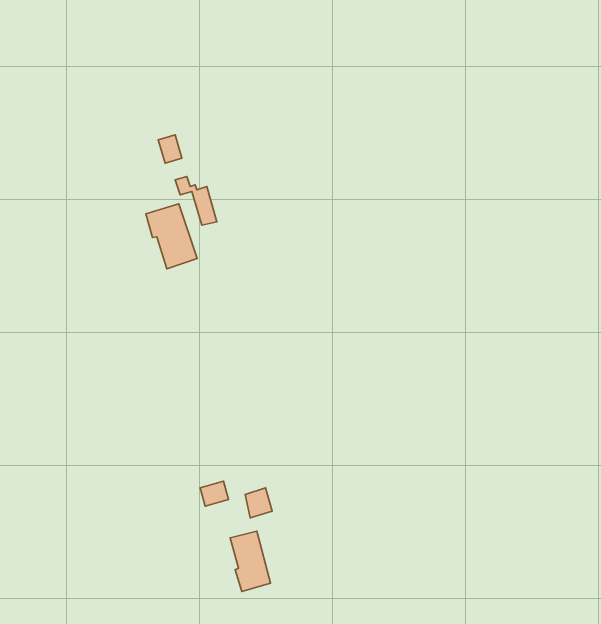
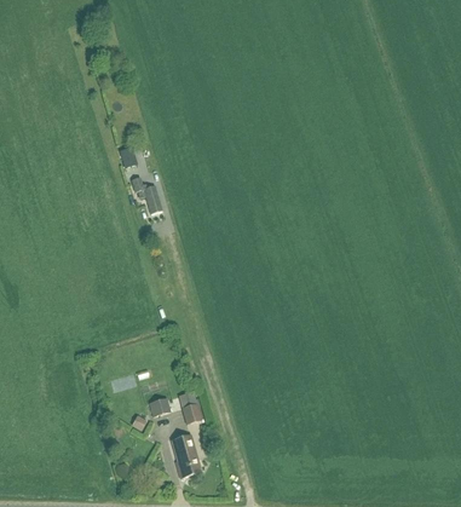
building: [146,204,197,269] -> none

